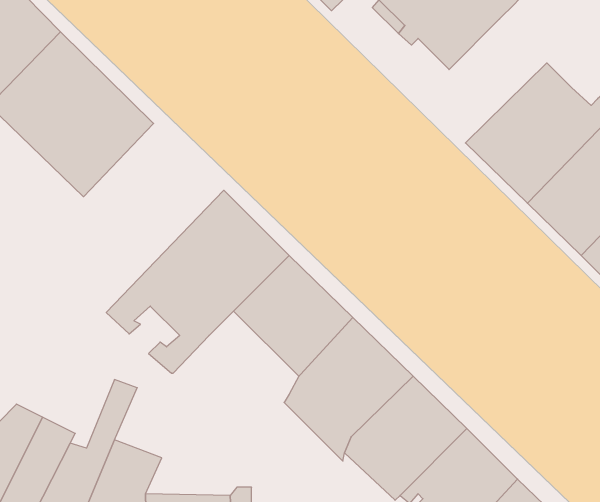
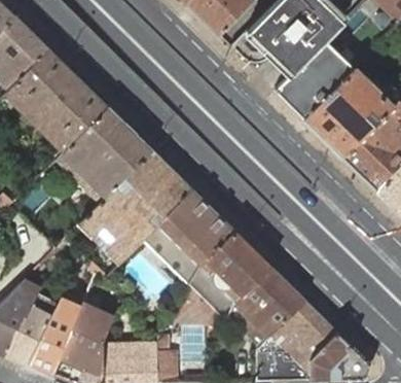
building: none -> [276,40,355,118]
building: none -> [53,106,151,204]
building: none -> [142,224,198,284]

